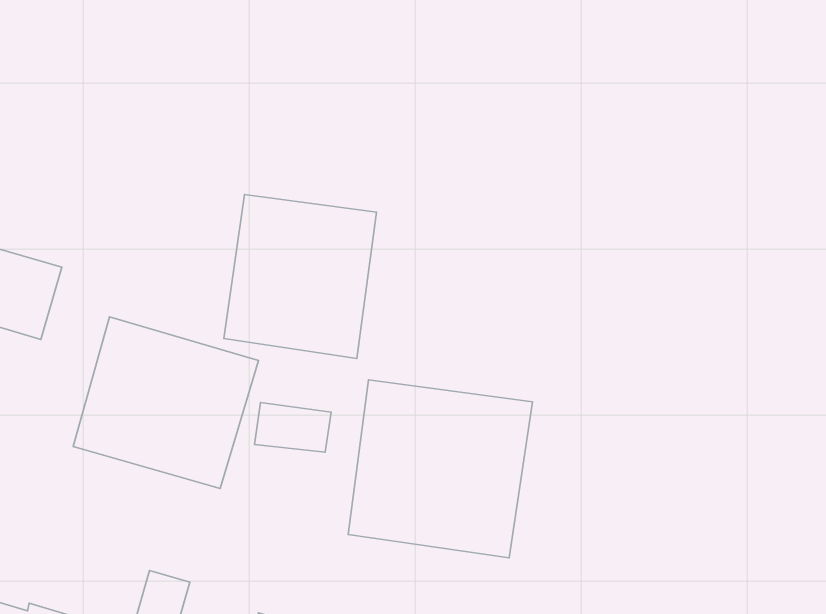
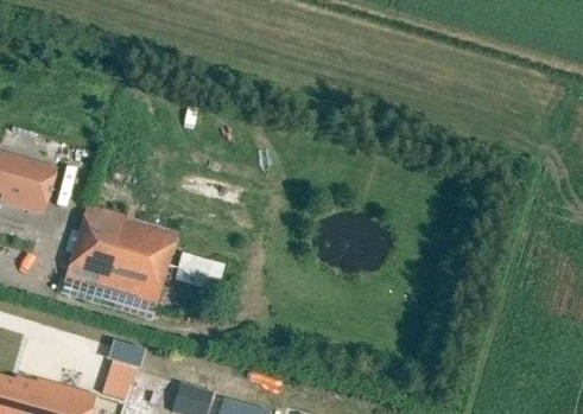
building: [224,195,376,358] -> none
building: [348,380,532,558] -> none

